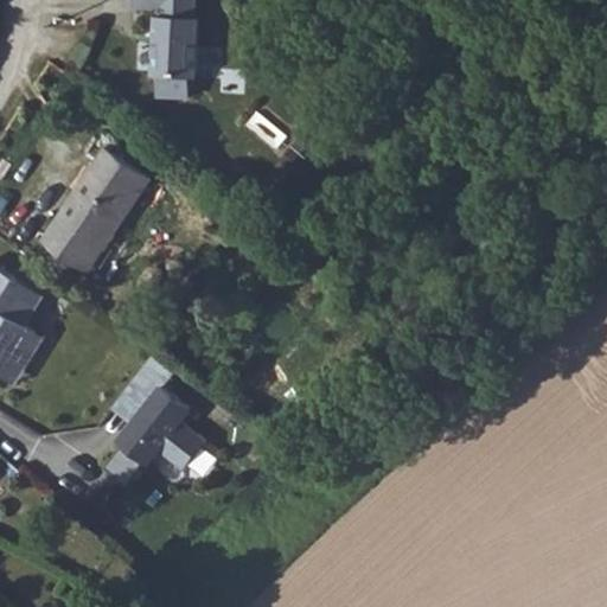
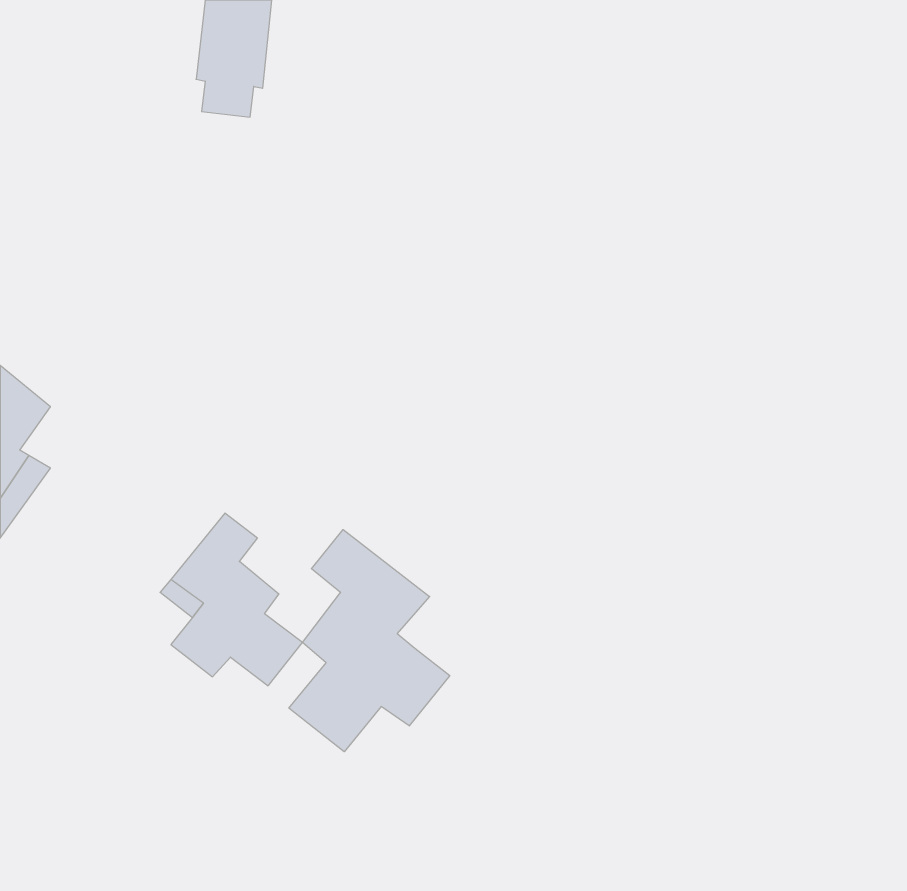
building: [44,140,152,267] -> none
building: none -> [289,530,450,752]

